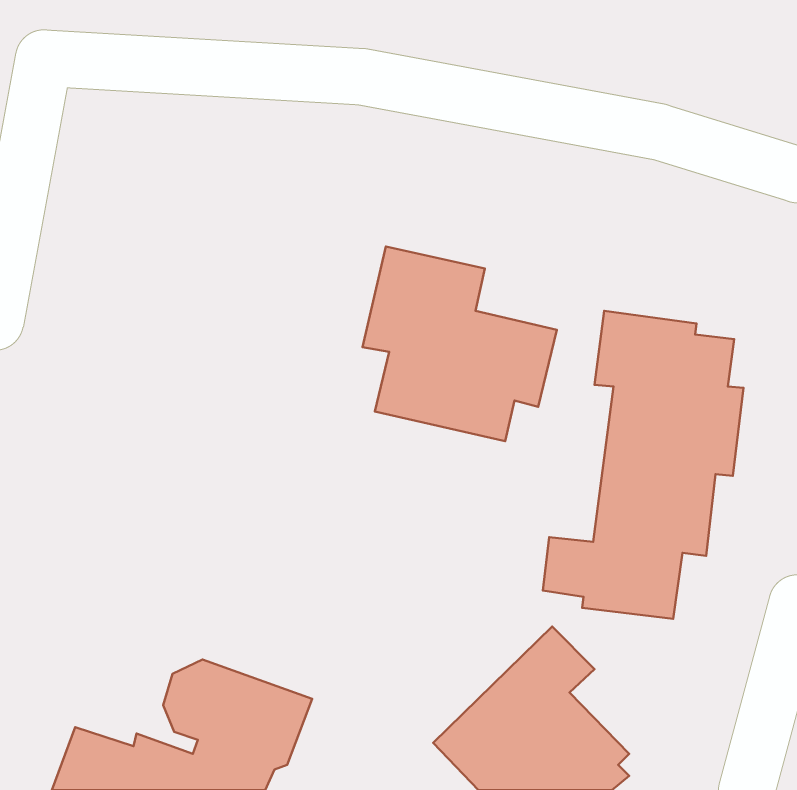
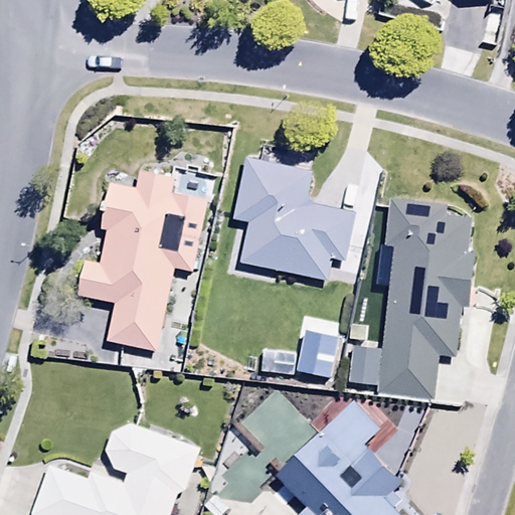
building: none -> [79,172,207,351]

